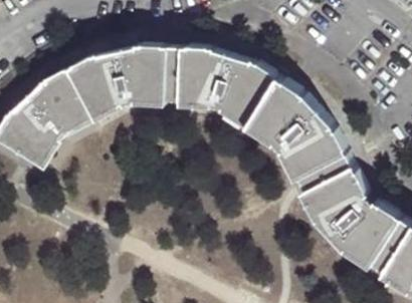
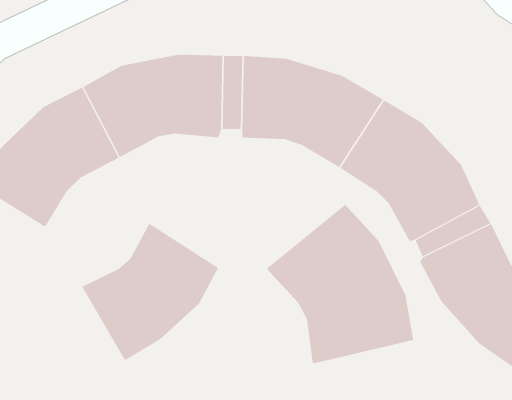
building: none -> [266,204,414,364]
building: none -> [82,223,219,361]

